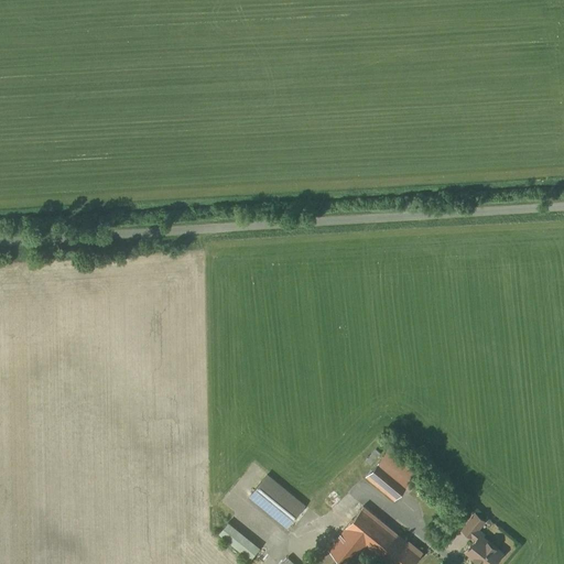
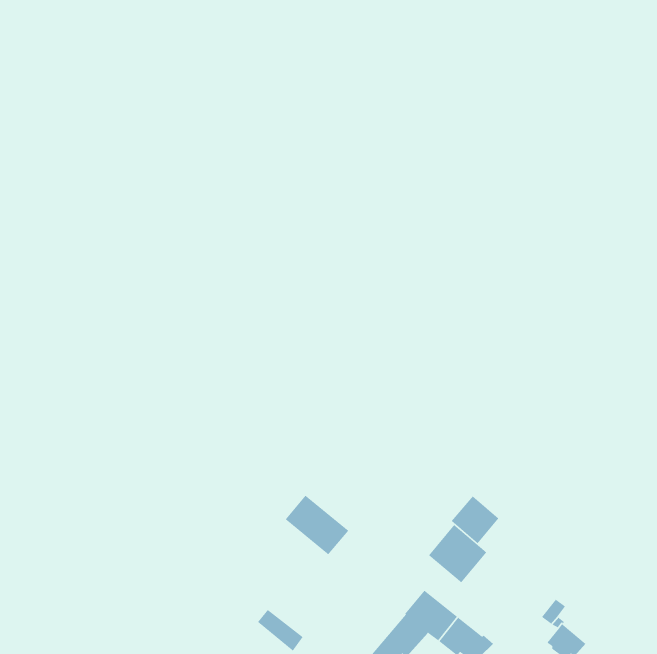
building: none -> [451,495,499,544]
building: [250,476,305,528] -> [285,495,349,555]

